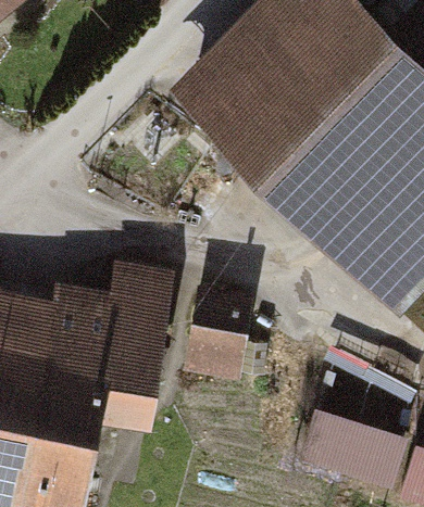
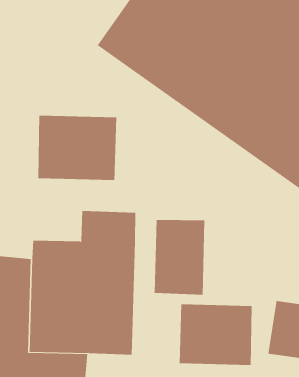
building: none -> [38,115,117,181]
building: none -> [179,304,252,366]

